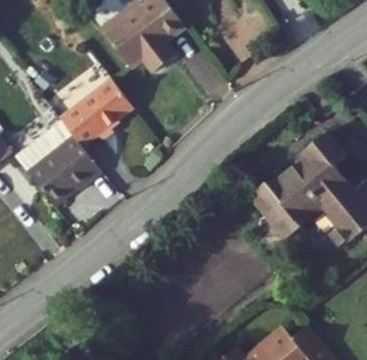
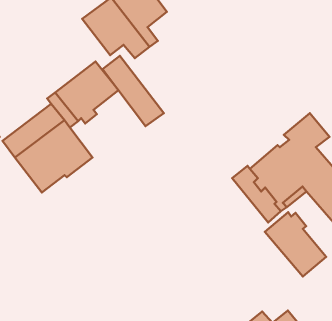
building: none -> [102,56,164,126]
building: none -> [265,212,326,276]

